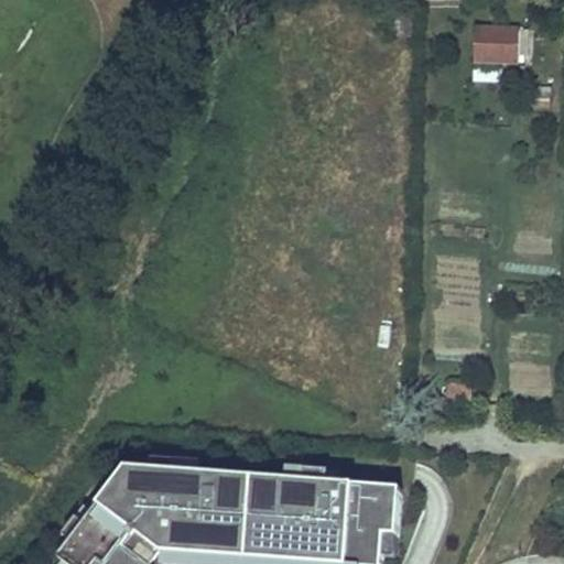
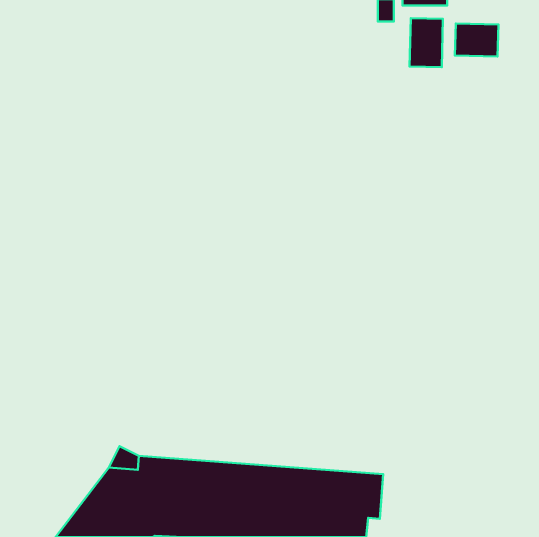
building: none -> [410,18,443,67]

